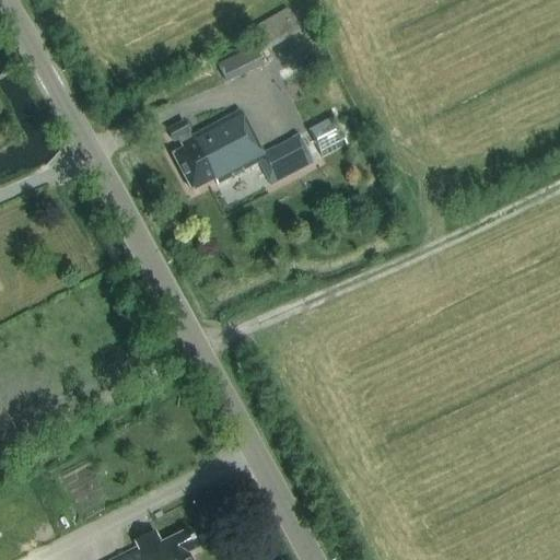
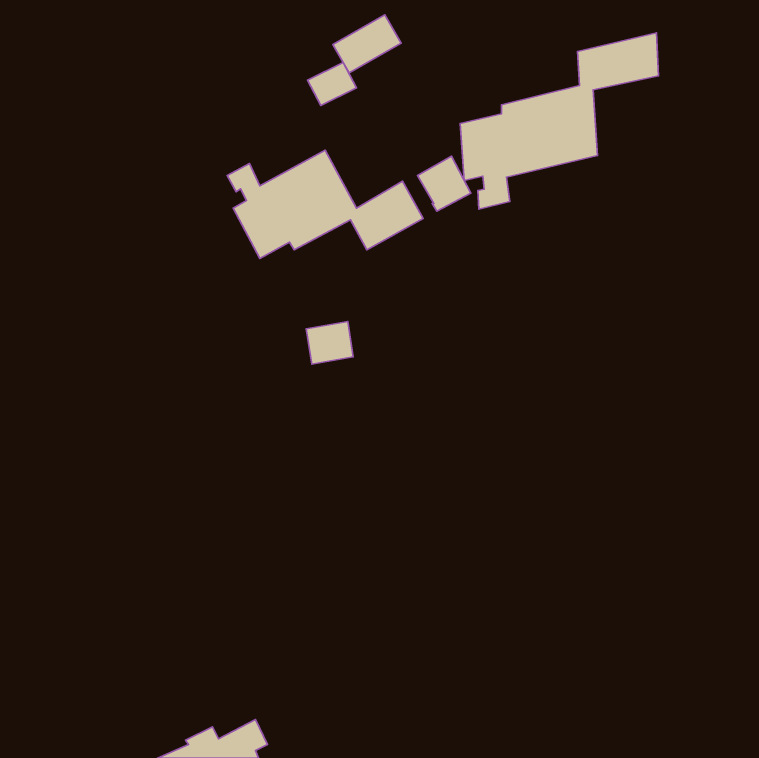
building: none -> [460,33,658,209]
building: none -> [306,321,353,364]

